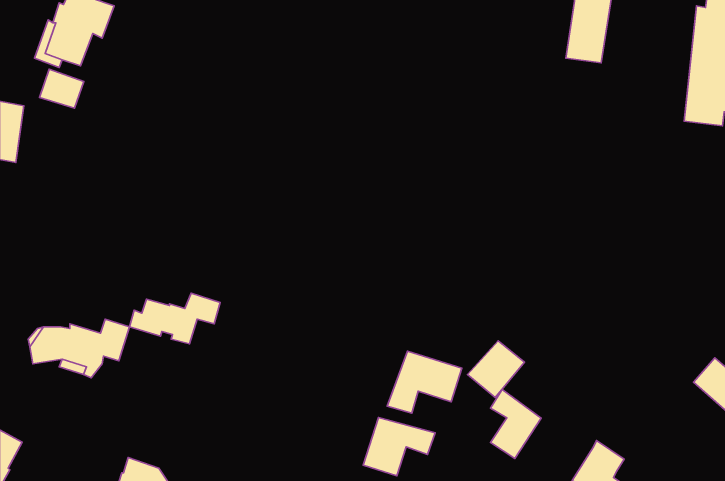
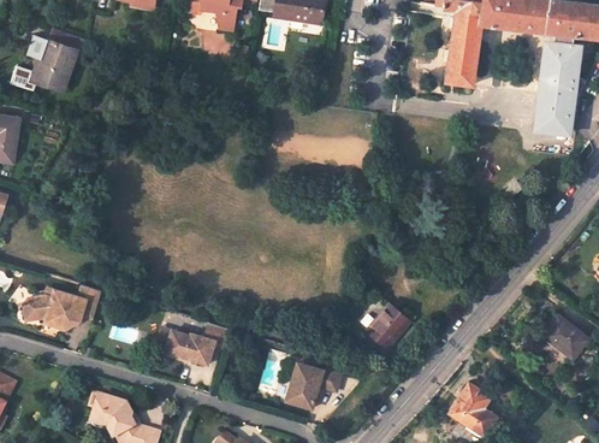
building: [39,69,84,108] -> none
building: [130,293,220,344] -> [160,324,231,364]
building: [387,351,462,413] -> none
building: [490,389,541,458] -> none

